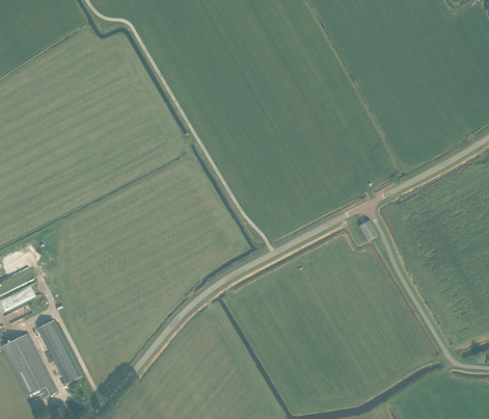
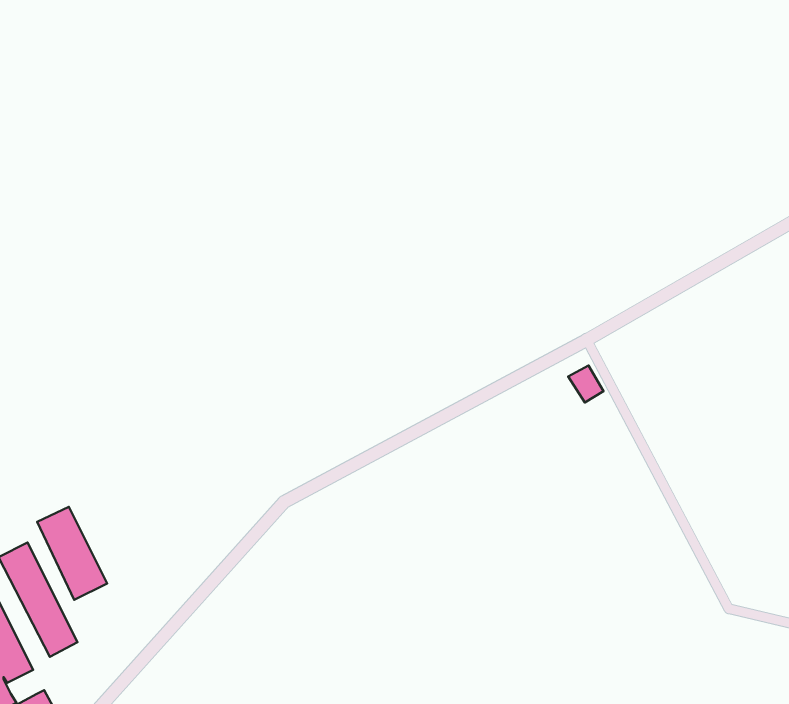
building: none -> [37,507,107,600]

